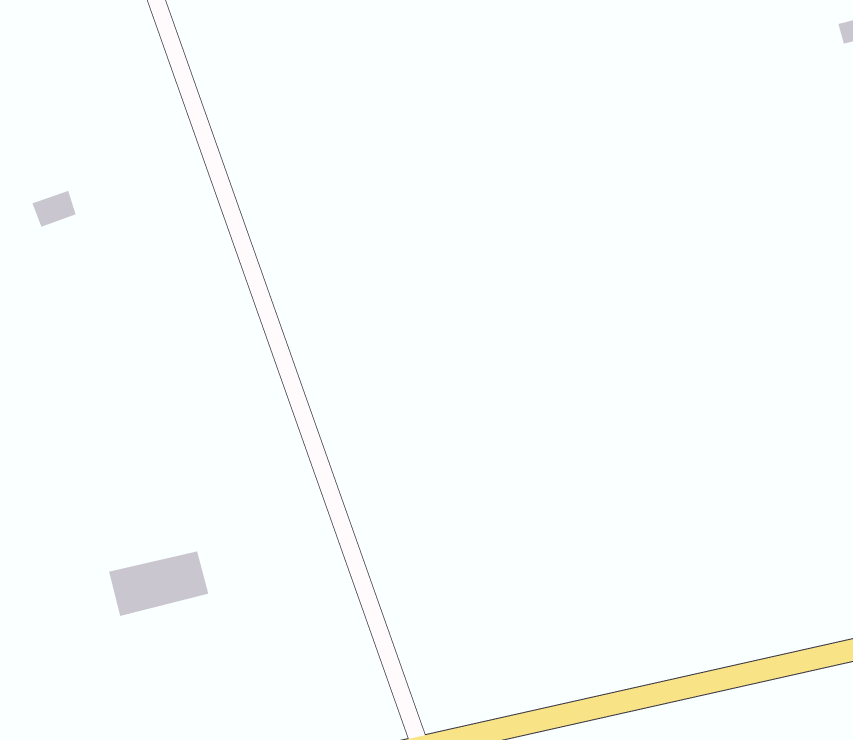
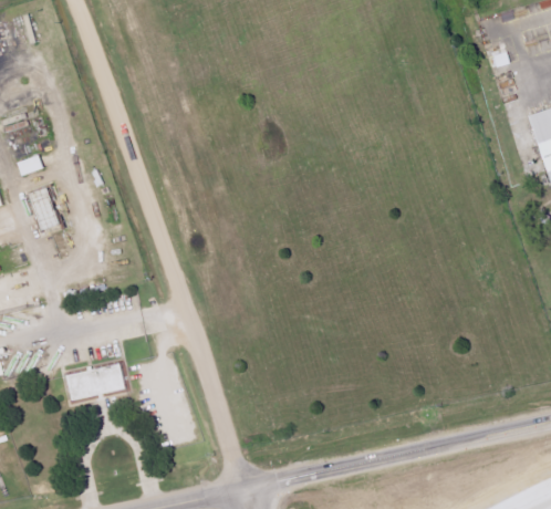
building: none -> [27,181,56,225]

